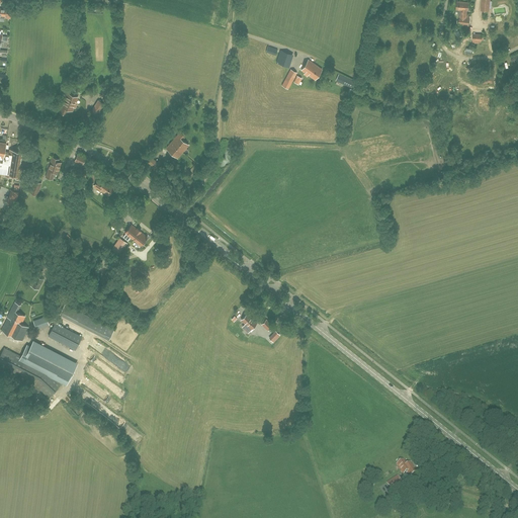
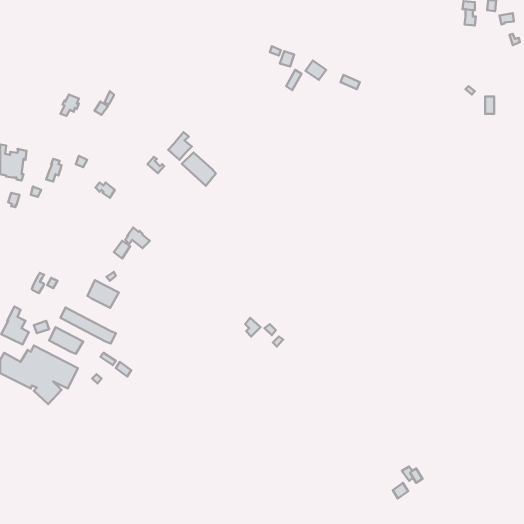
building: none -> [182,152,216,186]
building: none -> [88,280,119,308]

